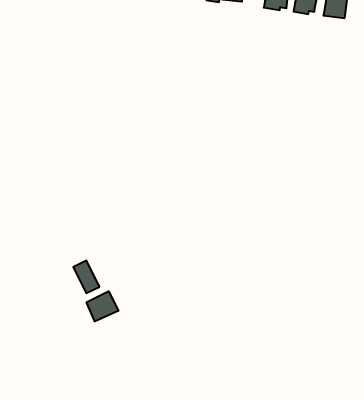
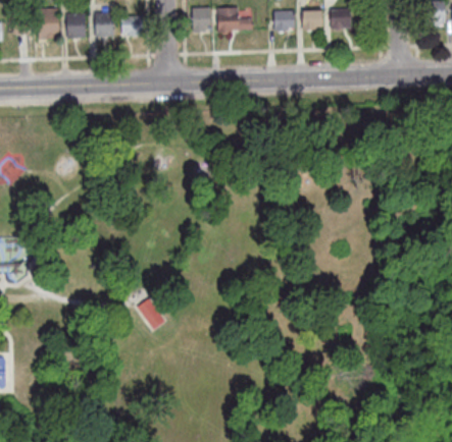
building: [87,291,118,321] -> none

